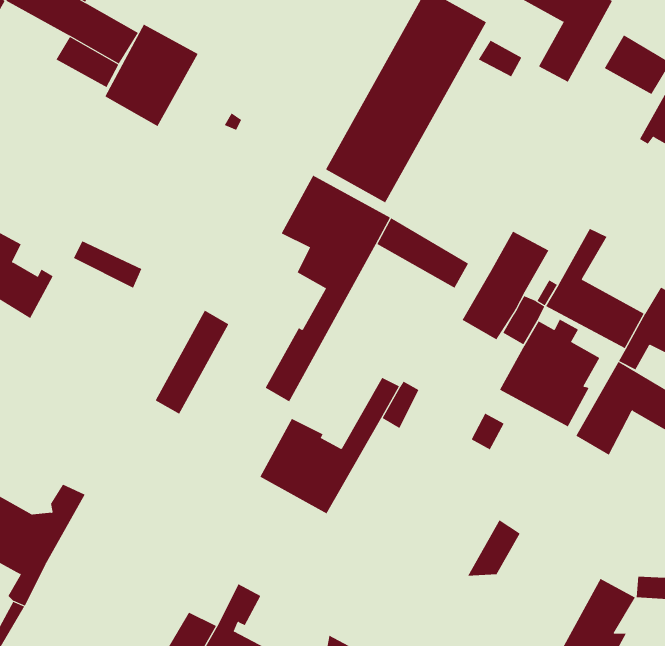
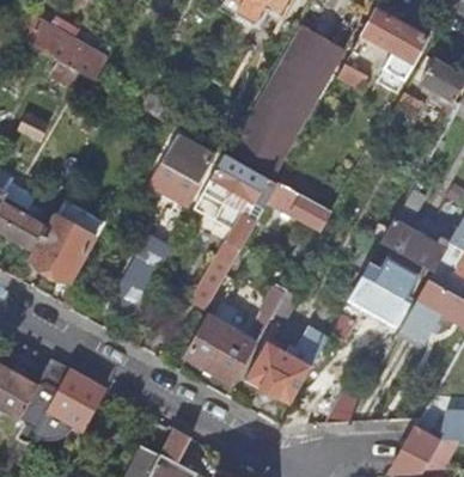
building: [105,24,199,127] -> [149,135,213,204]
building: [462,231,549,340] -> none
building: none -> [29,214,94,280]
building: none -> [245,326,326,404]
building: none -> [44,368,104,427]

